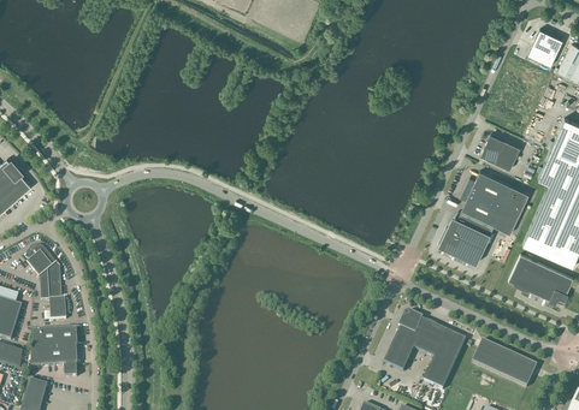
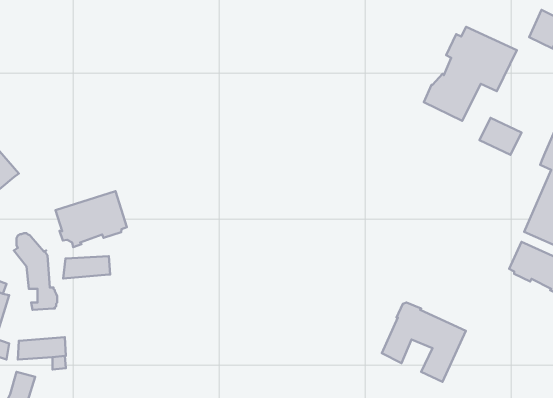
building: [438,171,528,262] -> [424,27,517,121]
building: none -> [55,191,127,247]
building: [31,328,77,350] -> [63,256,110,278]
building: [472,340,537,387] -> none

